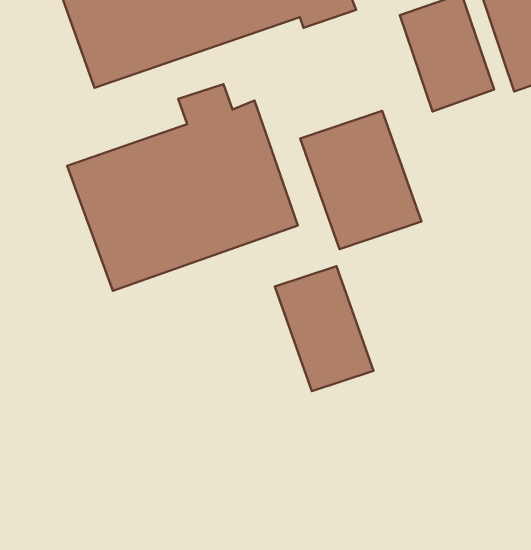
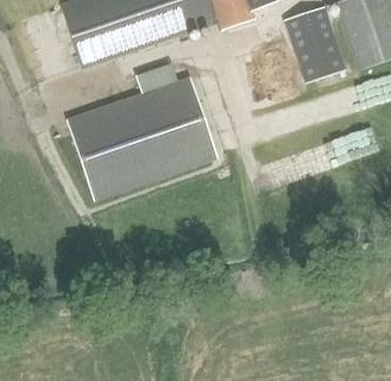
building: [300,111,421,249] -> none
building: [275,266,373,391] -> none

